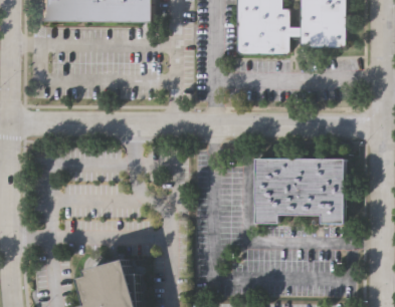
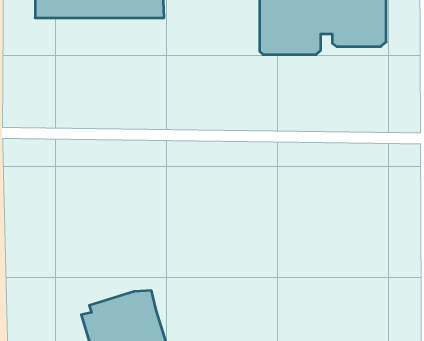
building: [257,157,346,222] -> none

